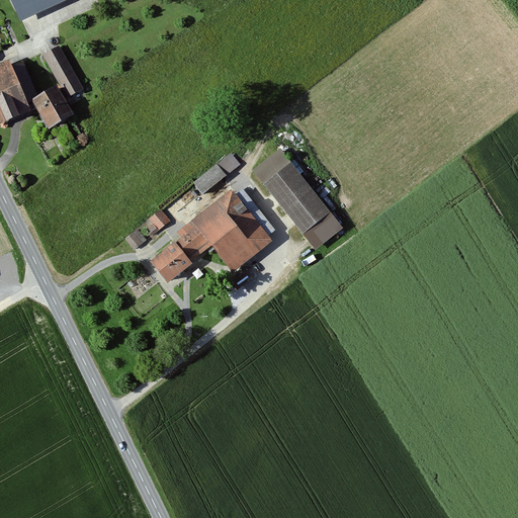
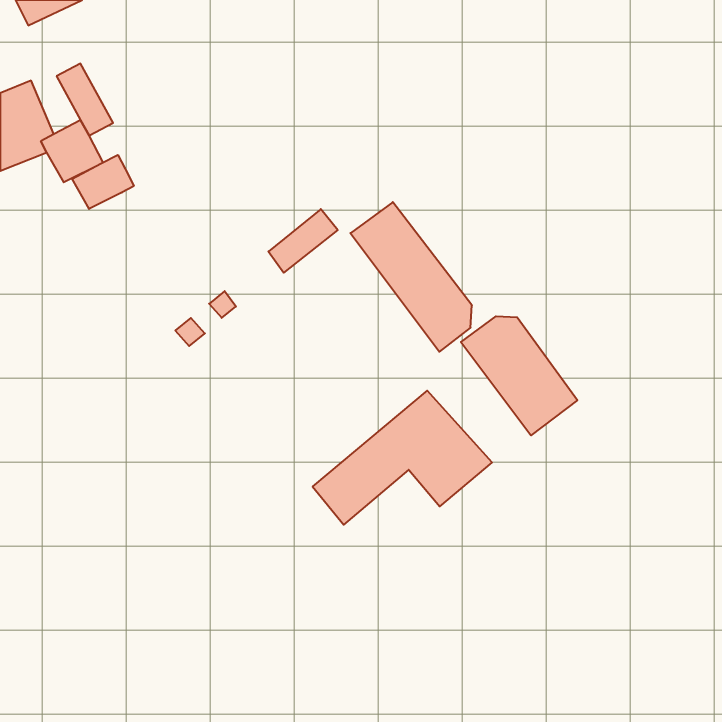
building: none -> [72,155,134,209]
building: [146,188,274,284] -> [313,391,492,525]
building: none -> [461,316,577,435]

